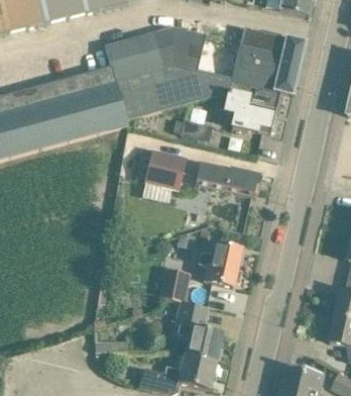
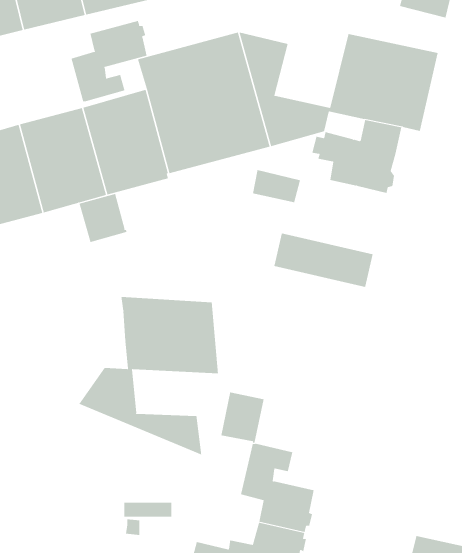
building: none -> [71,20,147,102]
building: none -> [79,193,127,243]
building: [144,150,184,189] -> none
building: none -> [78,296,219,456]
building: [198,242,240,286] -> none

